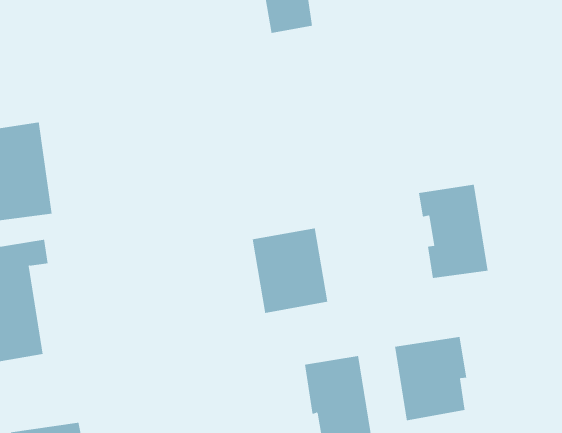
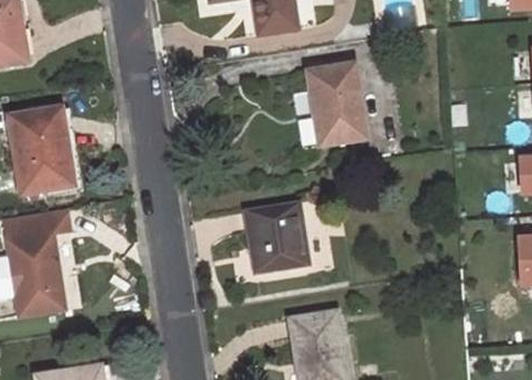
building: [418,184,488,279] -> [307,63,368,144]
building: [395,336,467,421] -> none

